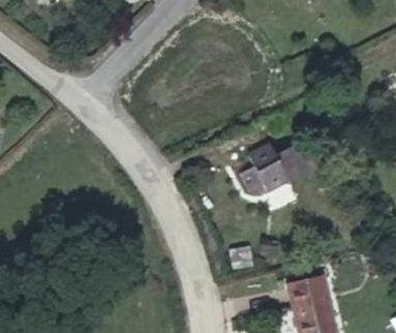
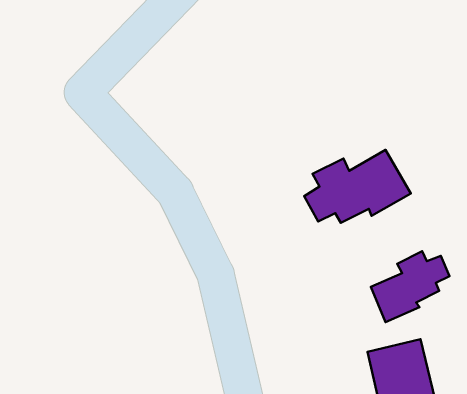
building: none -> [371,251,450,322]

